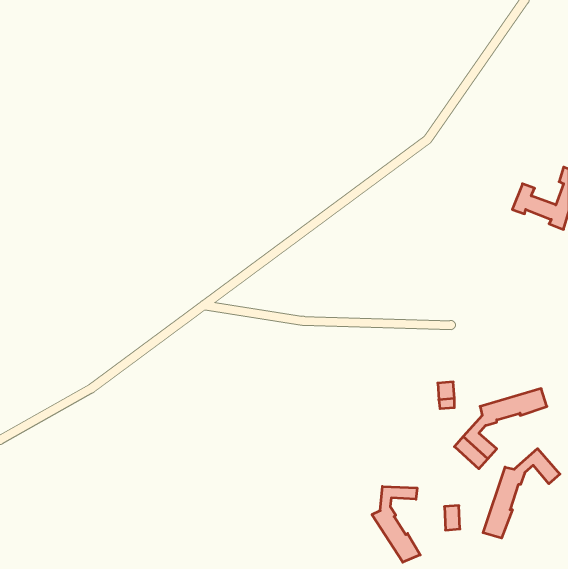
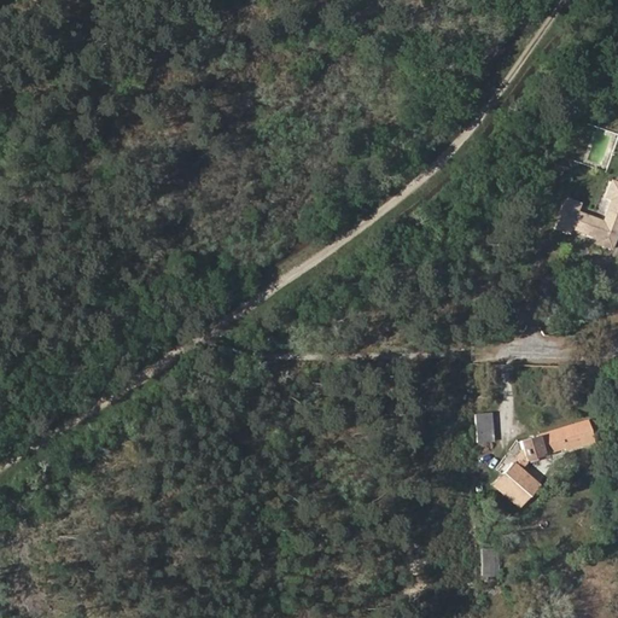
building: [483,449,560,538] -> none
building: [372,486,420,562] -> none

